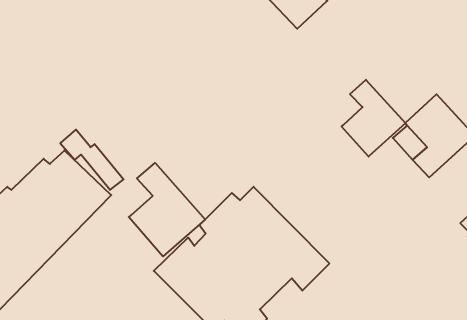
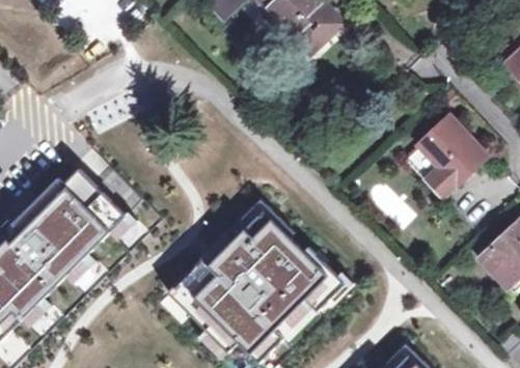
building: [342,80,406,157] -> none
building: [129,163,205,256] -> none

